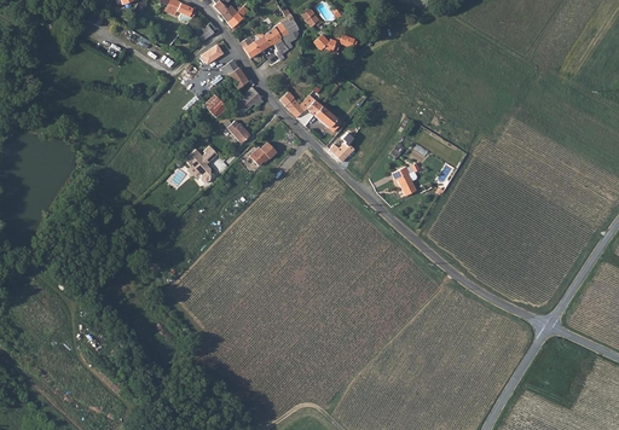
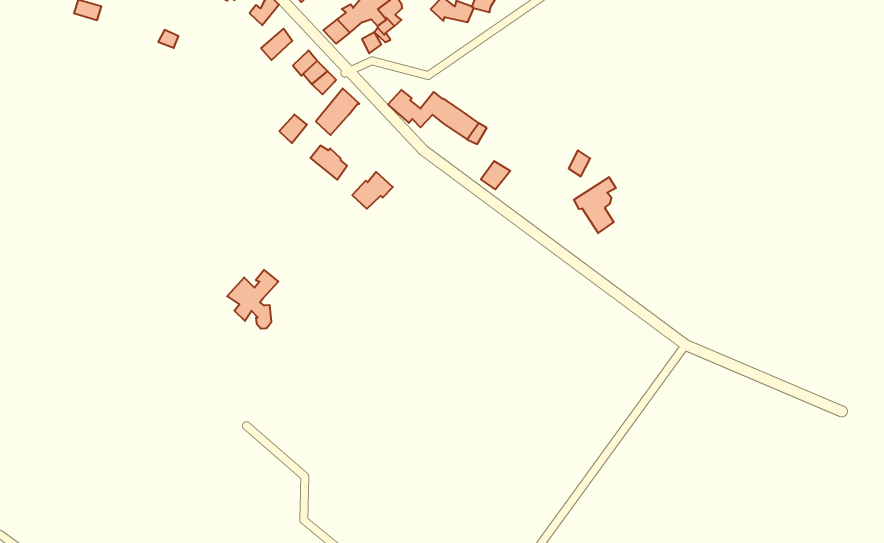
building: [184,145,218,182] -> [227,270,278,329]

